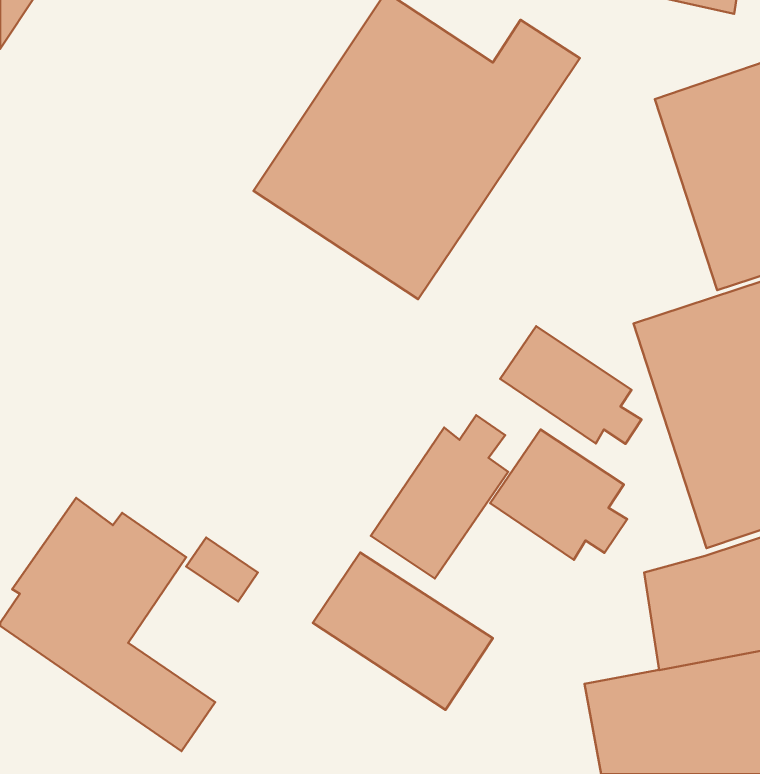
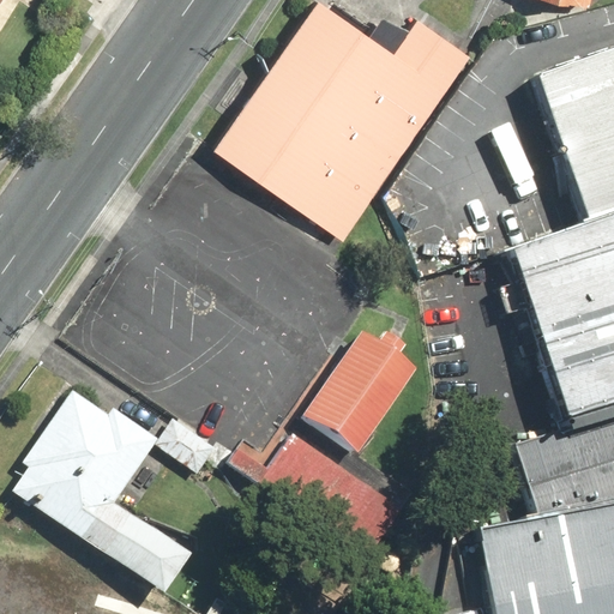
building: [500,326,642,444] -> none
building: [490,429,627,560] -> none

